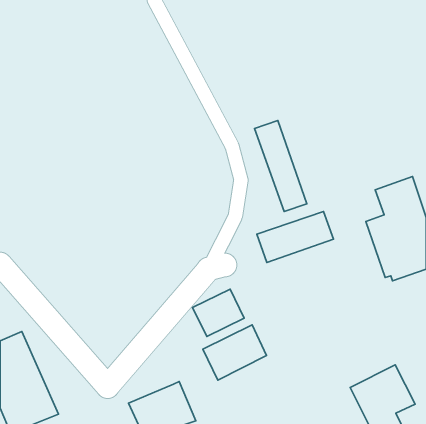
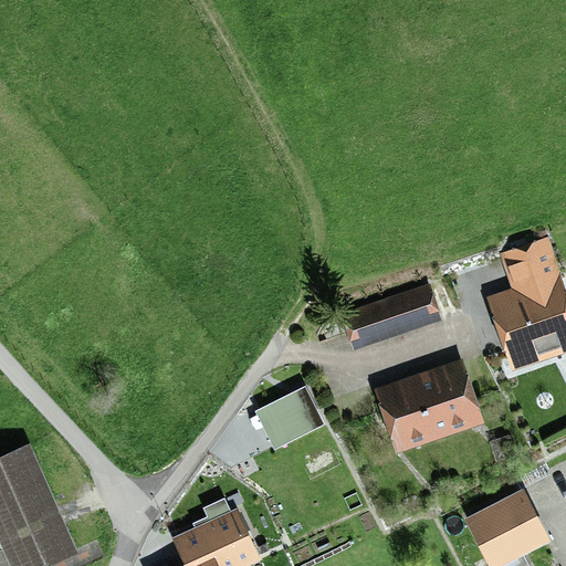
building: [255,121,307,211] -> none
building: none -> [374,358,483,453]
building: [203,325,267,380] -> none

